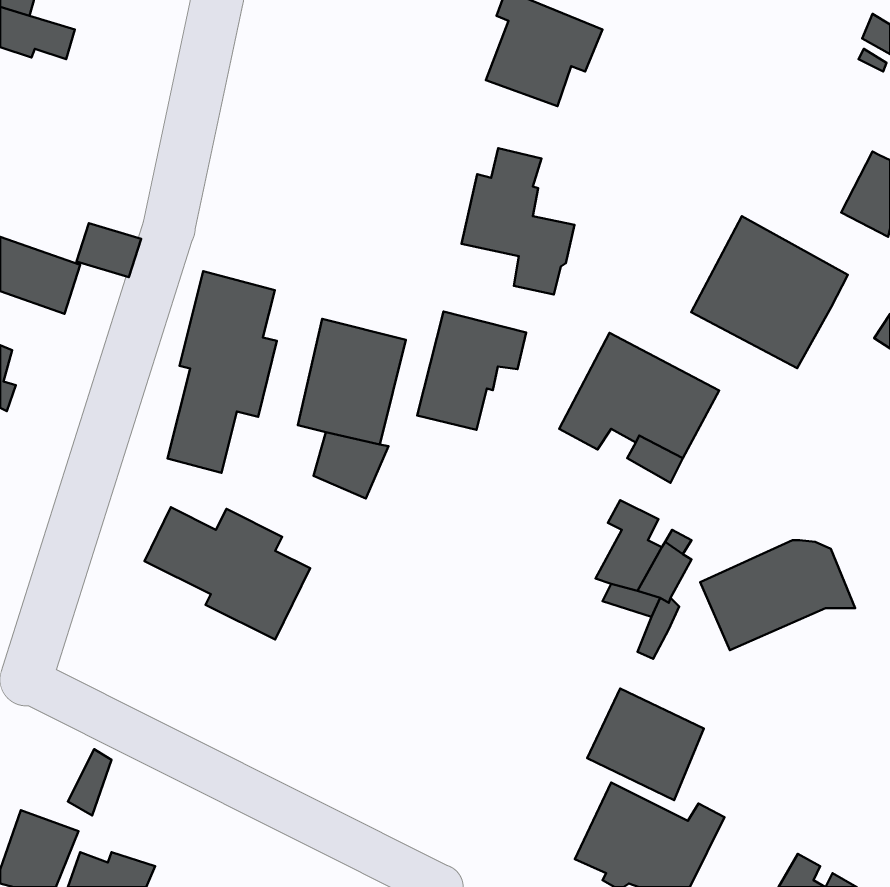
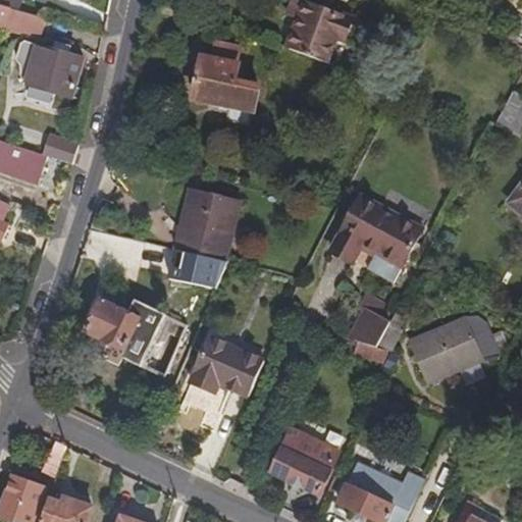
building: none -> [16,38,81,98]
building: [461,148,575,295] -> [191,42,257,127]
building: [691,216,848,368] -> none
building: [168,271,277,473] -> none
building: [417,312,526,430] -> none
building: none -> [184,342,261,408]
building: [587,688,704,800] -> [270,430,338,495]

